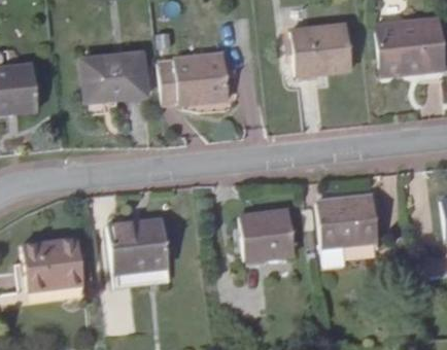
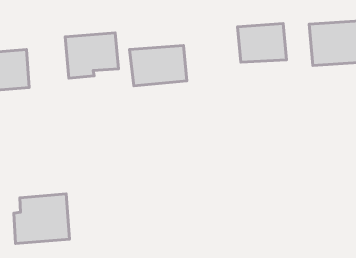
building: [321,204,382,275] -> none
building: [244,217,298,265] -> none
building: [112,222,173,274] -> none

